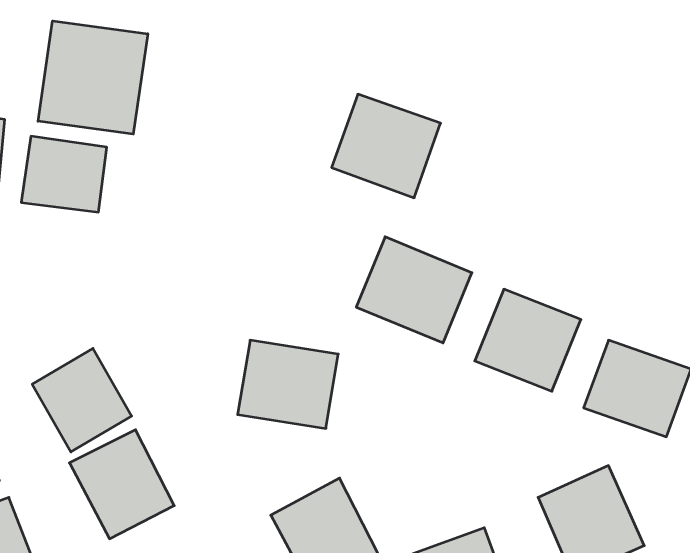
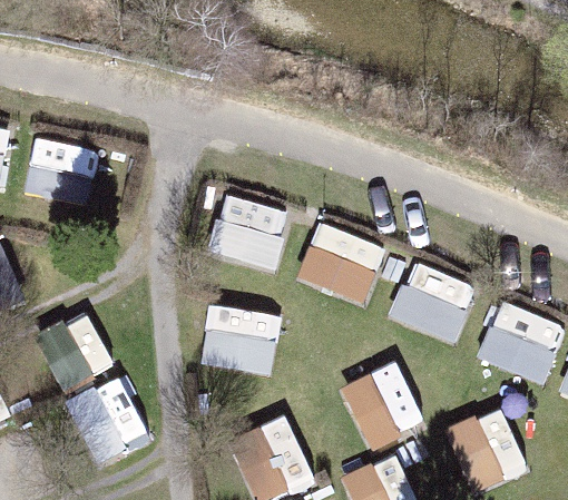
building: [38,21,148,134] -> none
building: [332,94,441,198] -> [204,189,292,273]
building: none -> [337,361,424,451]

